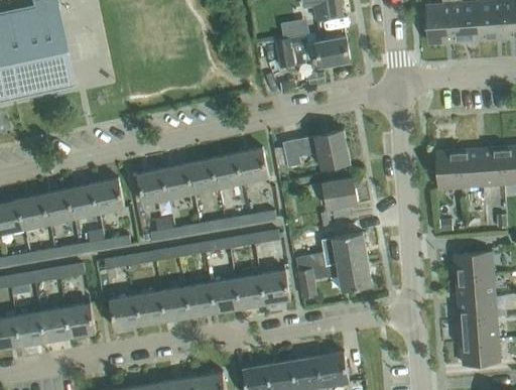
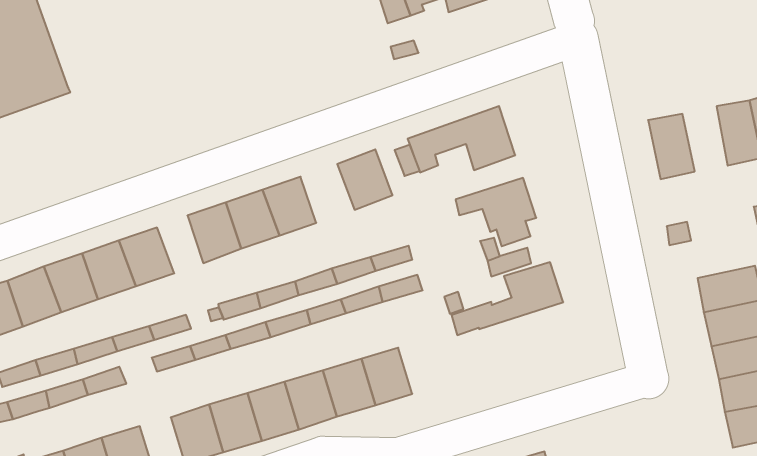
building: [459,148,483,187] -> none
building: [213,153,244,188] -> none
building: [297,259,372,297] -> none
building: [260,270,291,304] -> none

